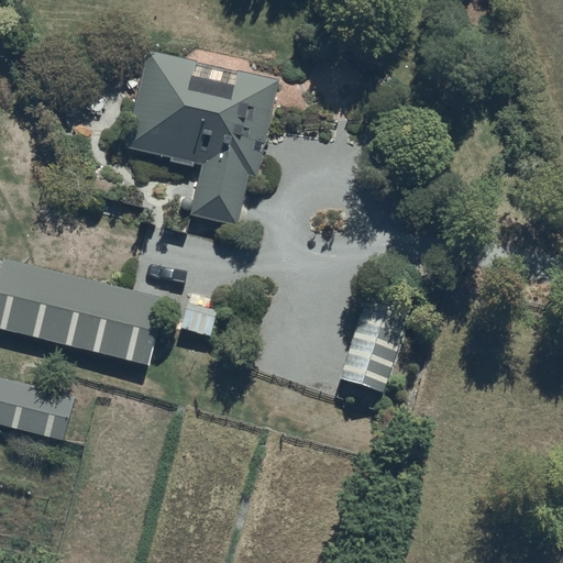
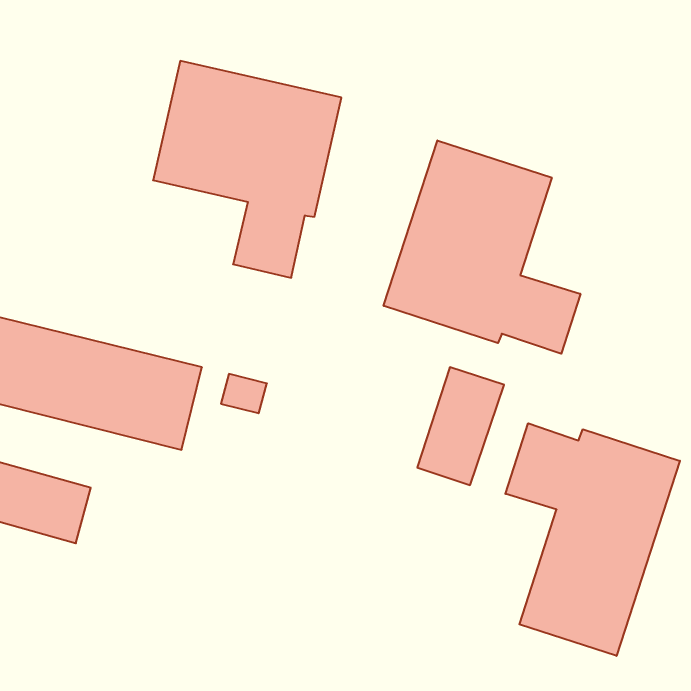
building: none -> [384,140,580,354]
building: none -> [505,423,680,656]

